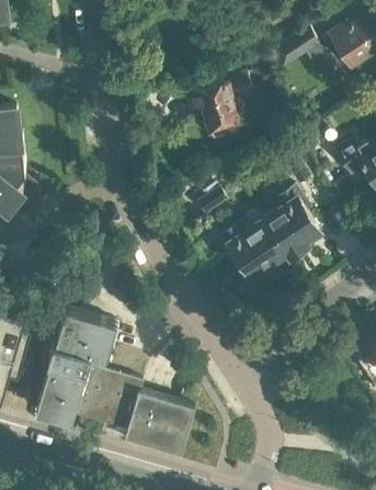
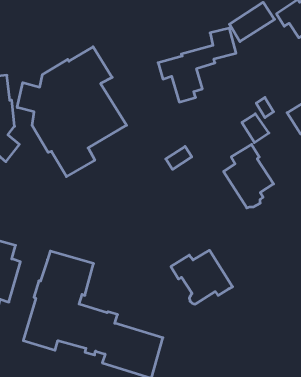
building: none -> [17,47,127,177]
building: [220,218,290,279] -> [171,250,233,304]

